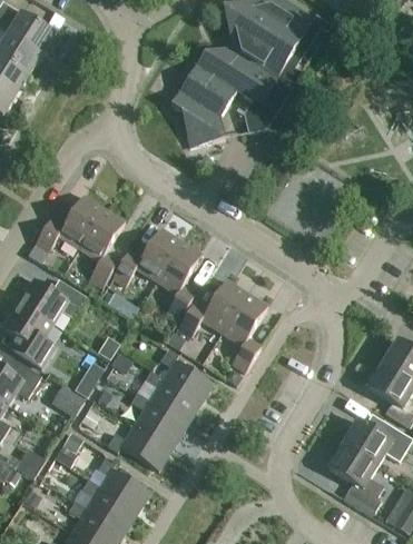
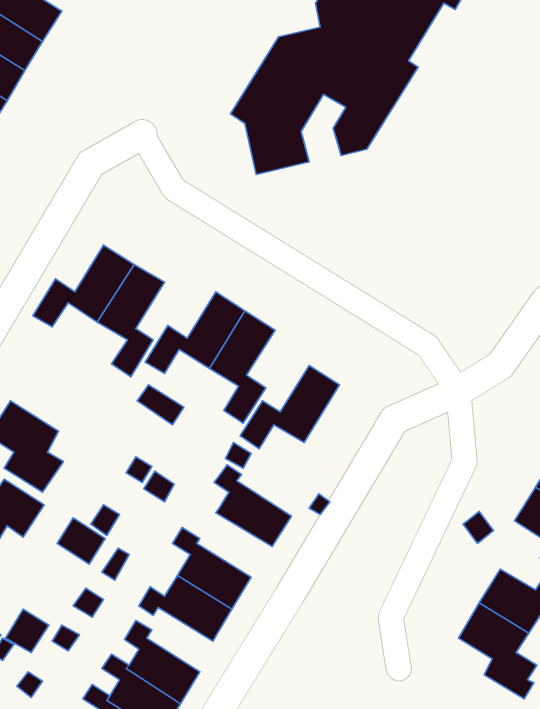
building: [19,278,87,324] -> none
building: [223,291,268,369] -> none
building: [145,369,200,425] -> none

